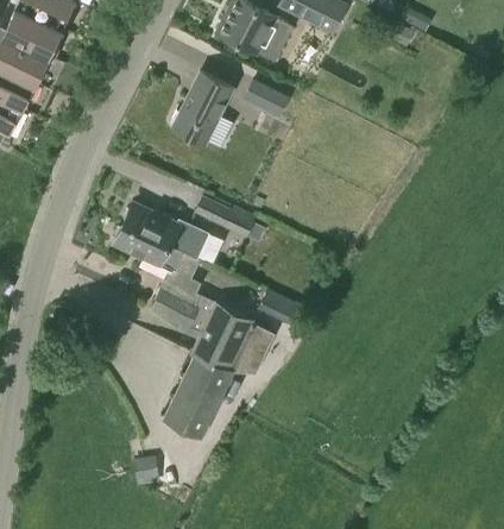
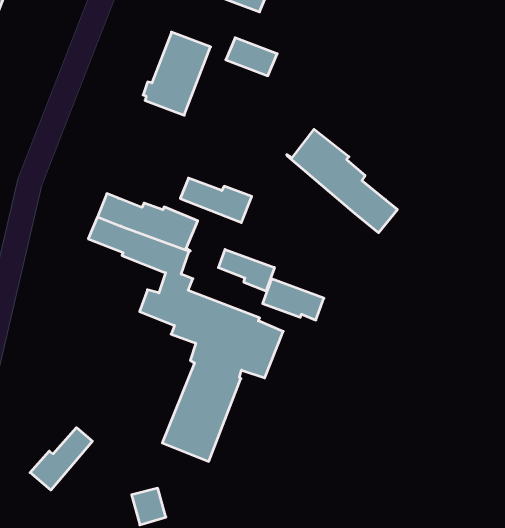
building: none -> [287,129,397,233]
building: none -> [218,249,274,291]
building: none -> [30,428,92,490]

